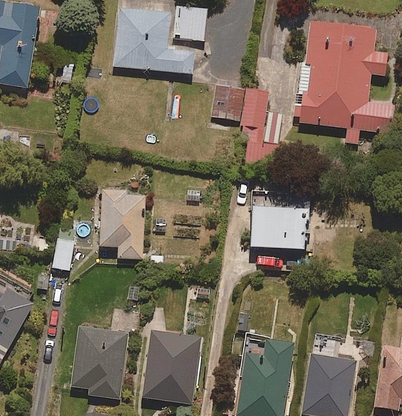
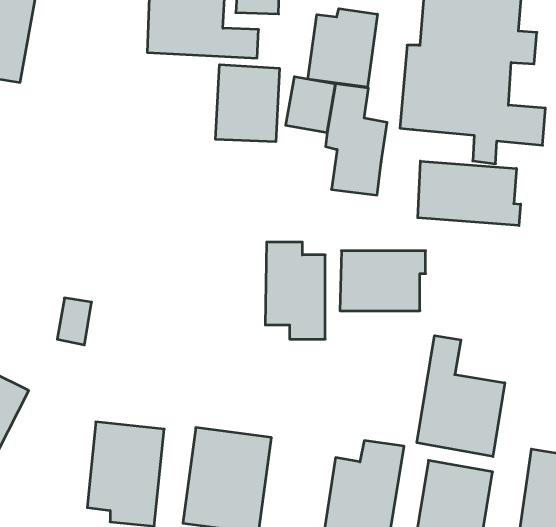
building: none -> [308,9,377,87]
building: none -> [216,65,279,142]
building: none -> [418,161,521,226]
building: [101,188,143,256] -> [265,242,325,339]
building: none -> [417,336,505,457]

